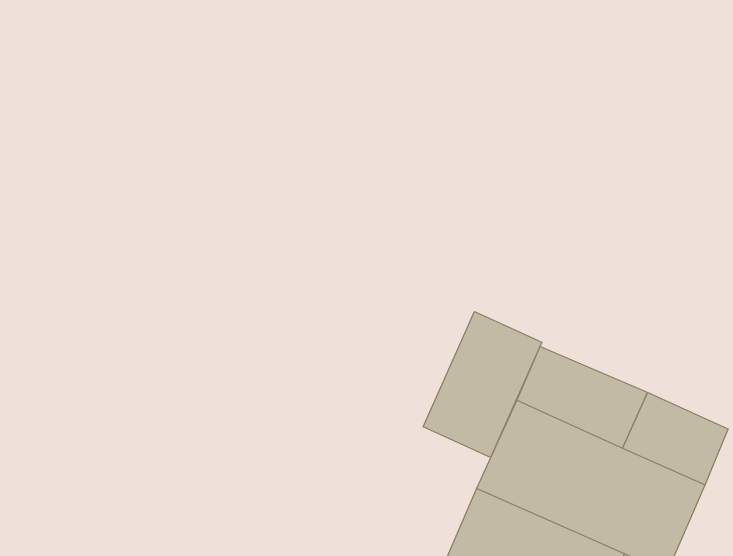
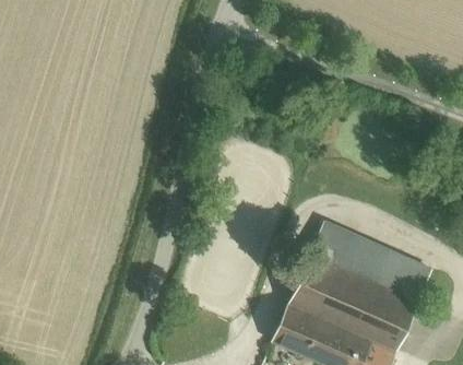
building: [423,312,542,457] -> none

